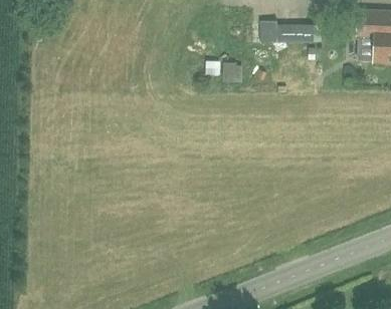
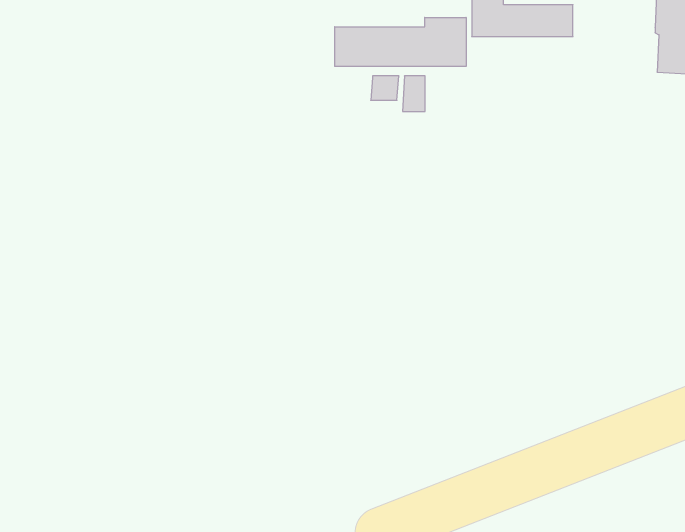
building: none -> [335,17,466,66]

